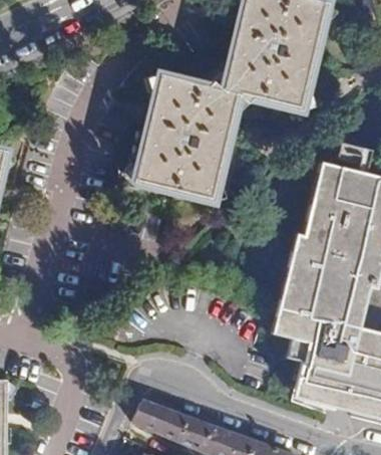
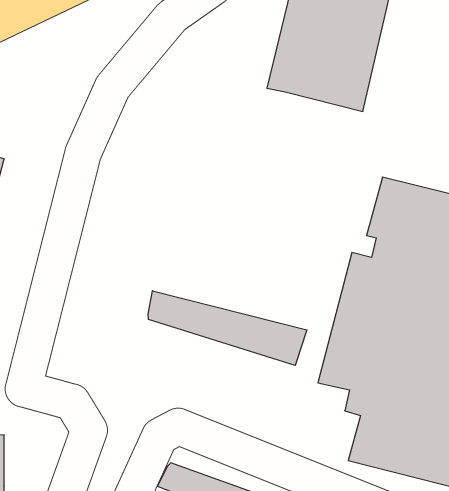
building: [133,75,239,201] -> none
building: none -> [148,291,307,365]

